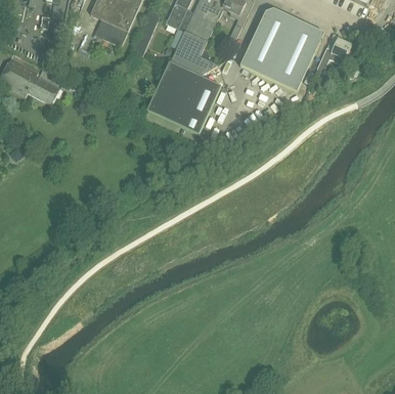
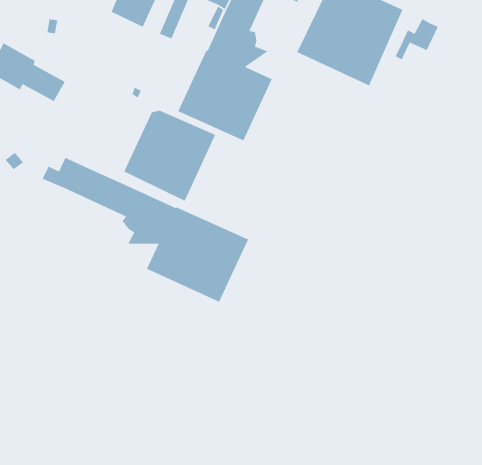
building: none -> [123,110,216,202]
building: none -> [42,157,249,303]

